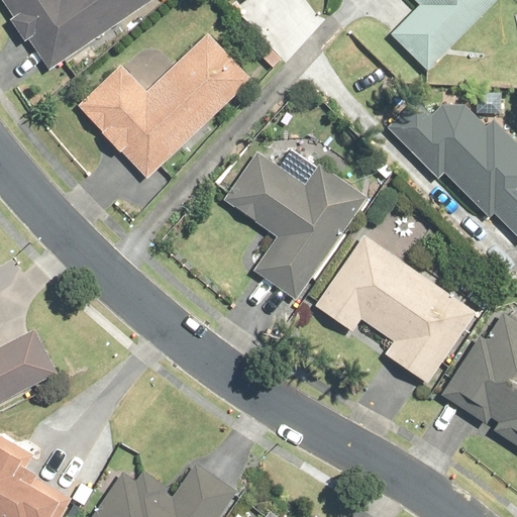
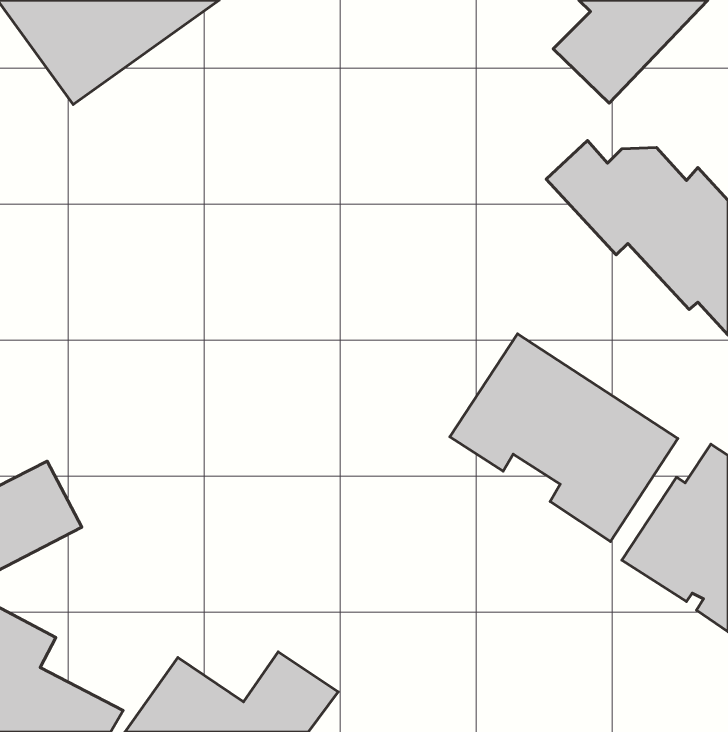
building: [78,28,256,178] -> none
building: [223,147,369,299] -> none

